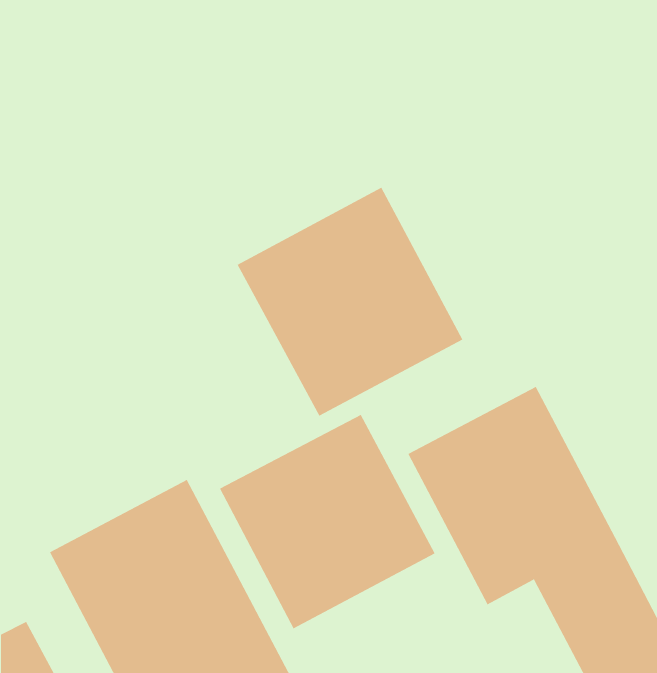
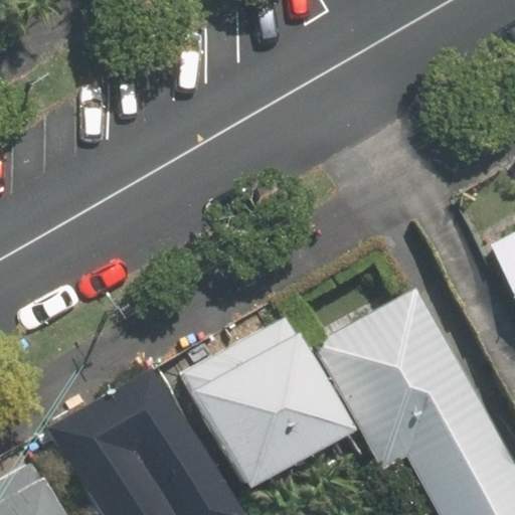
building: [237,187,463,417] -> none

